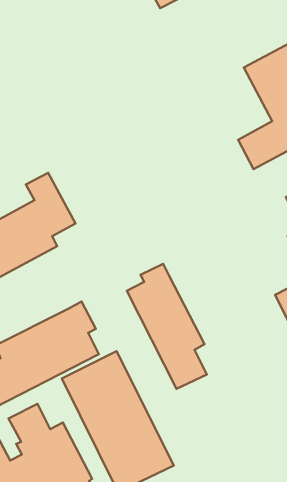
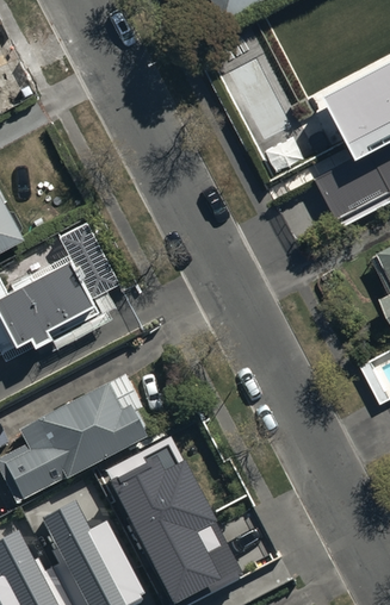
building: [127,264,207,389] -> none

